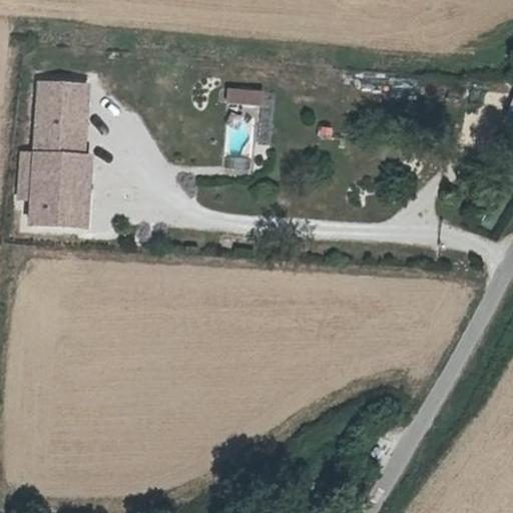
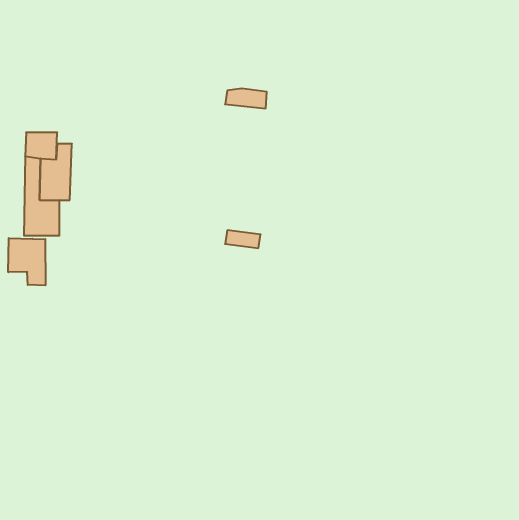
building: [38,83,73,127] -> none
building: none -> [8,238,45,285]

